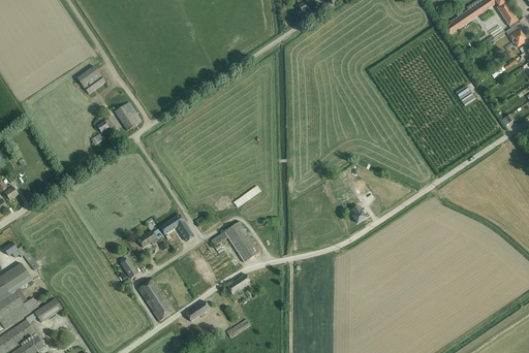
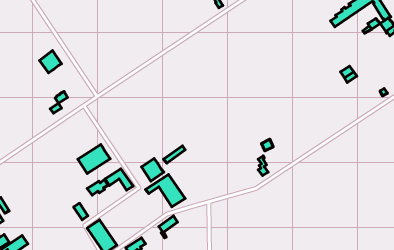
building: [114,102,141,131] -> none
building: none -> [78,145,110,173]
building: none -> [142,158,164,181]

